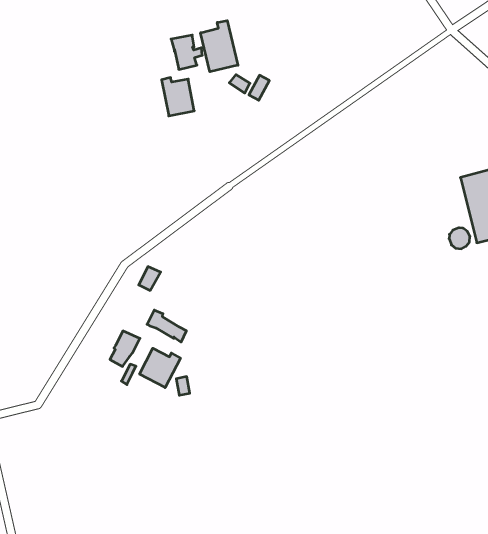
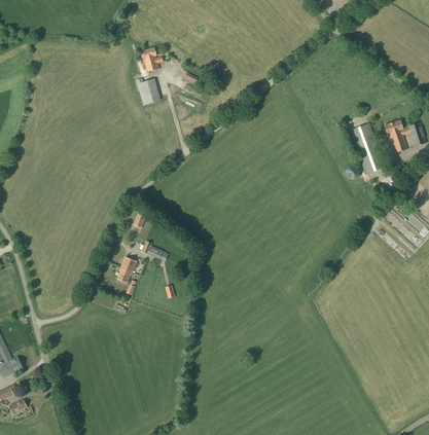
building: [201,21,238,72] -> none
building: [140,348,180,388] -> none

